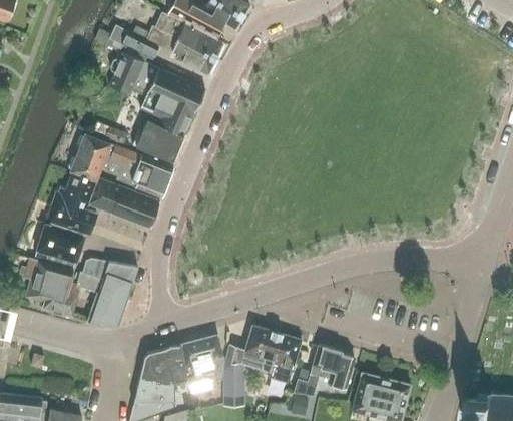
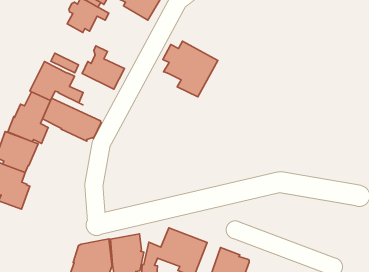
building: [137,68,204,134] -> [163,41,218,97]
building: [118,148,174,197] -> none
building: [76,258,137,326] -> none

